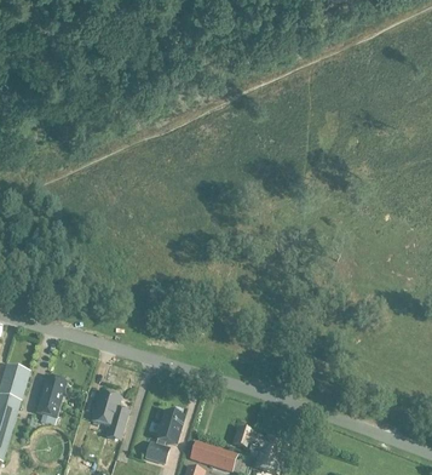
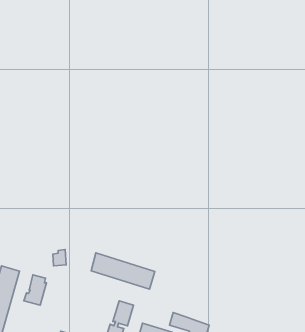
building: none -> [91,253,155,289]
building: [91,391,120,425] -> none

